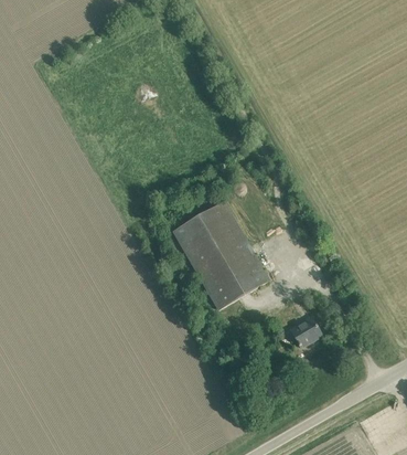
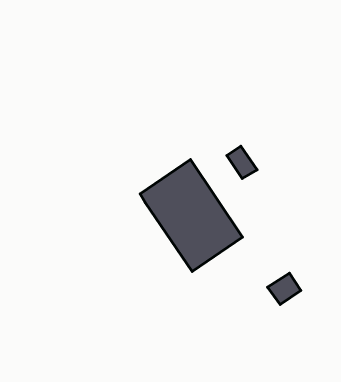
building: none -> [227,146,257,179]

